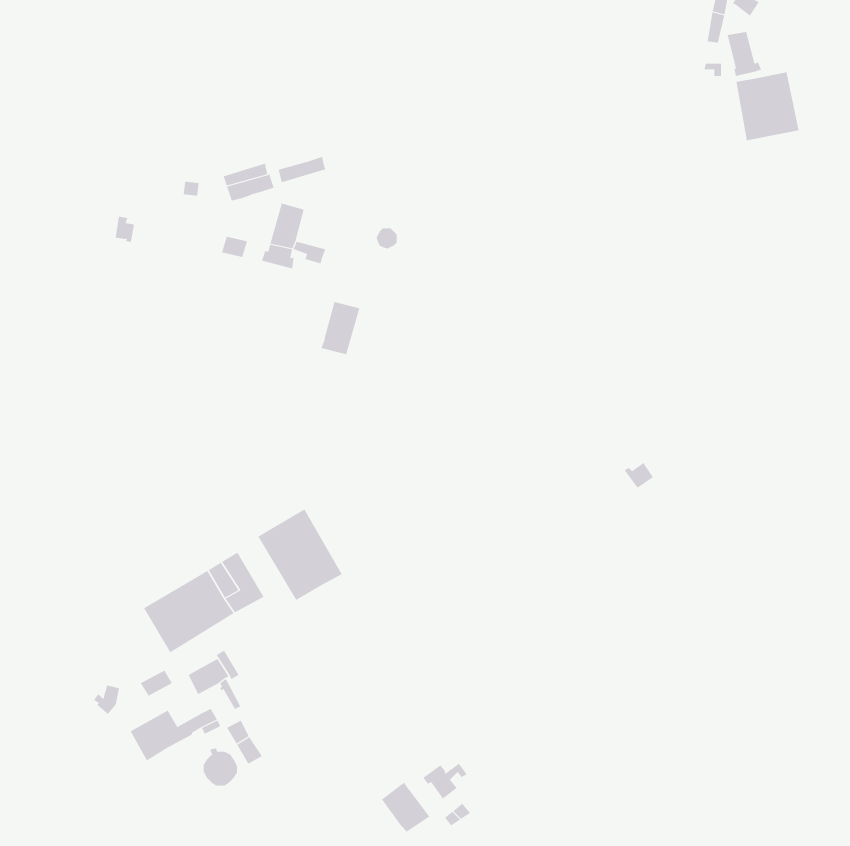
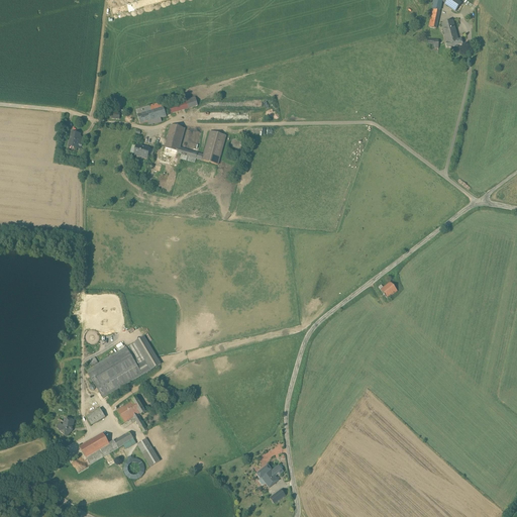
building: [736,72,799,141] -> none
building: [320,302,360,355] -> [202,130,226,163]
building: [258,508,342,601] -> none
building: [381,782,430,833] -> none

